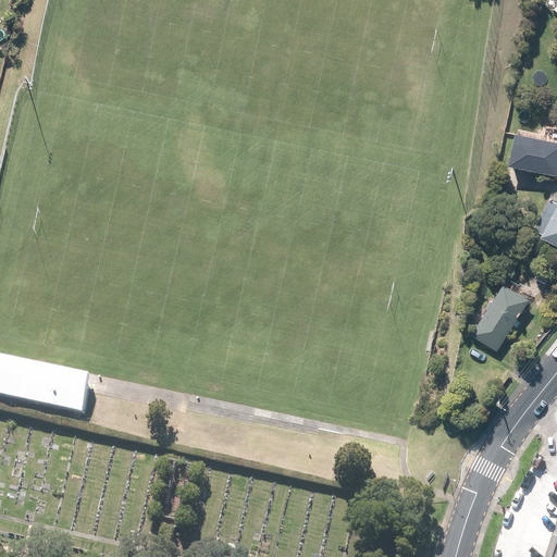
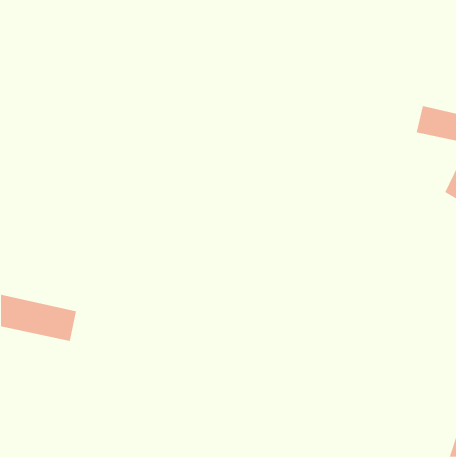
building: [473,282,530,348] -> none

